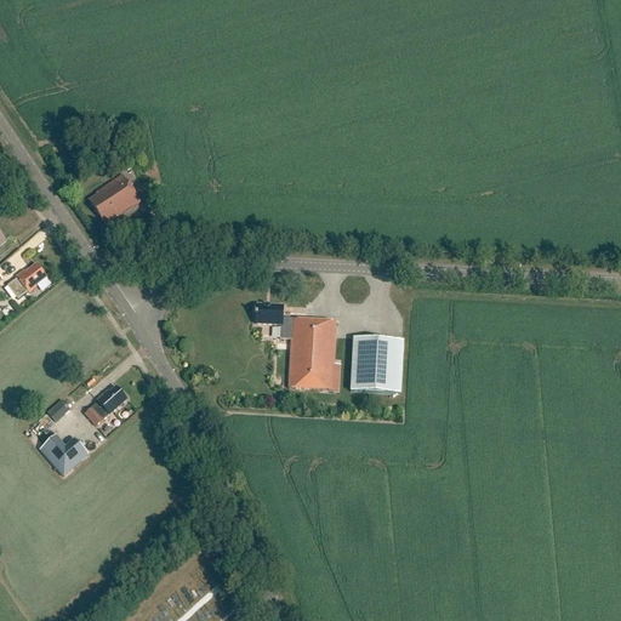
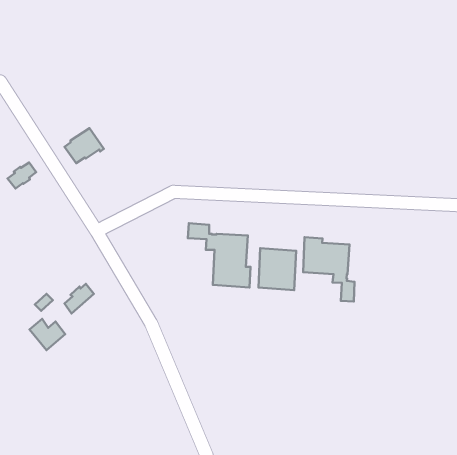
building: [7,262,46,297] -> [8,162,36,188]
building: none -> [303,237,355,302]

